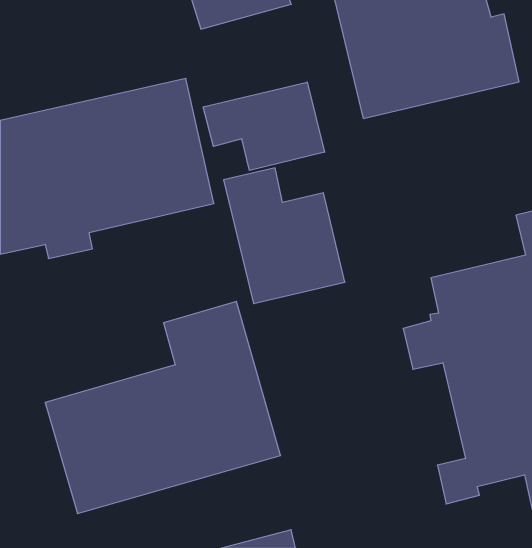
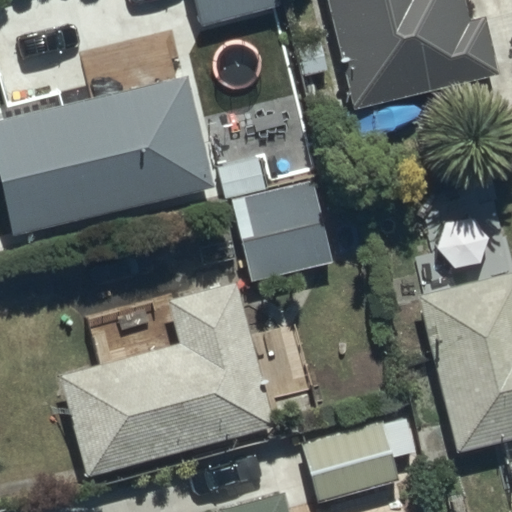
building: [203,82,324,170] -> none
building: none -> [304,410,425,501]

